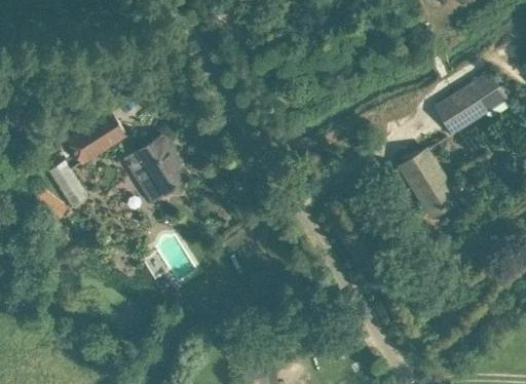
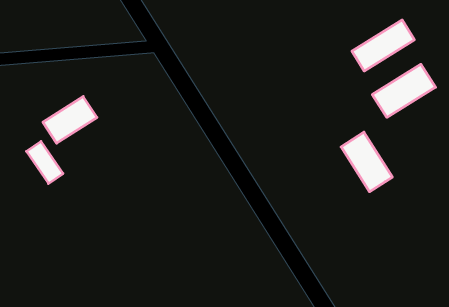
building: none -> [352,20,414,71]
building: [124,135,187,201] -> none

